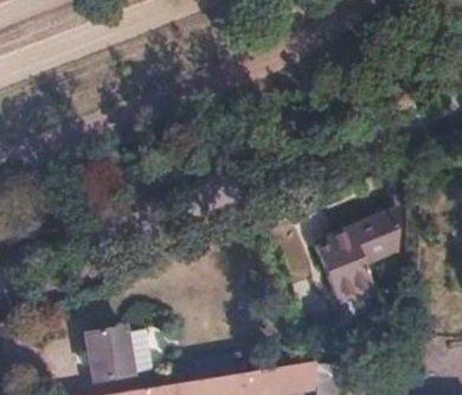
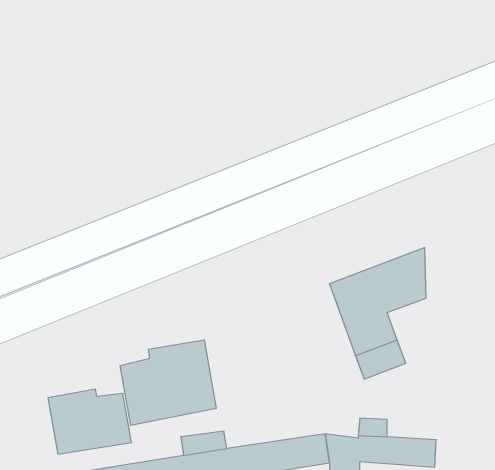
building: none -> [120,340,216,425]

